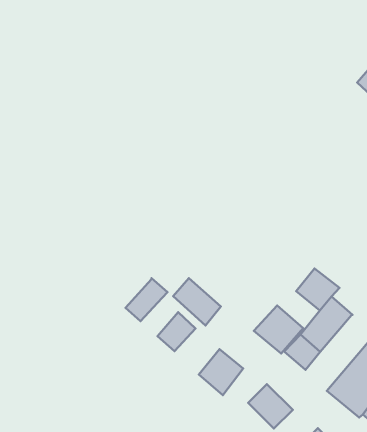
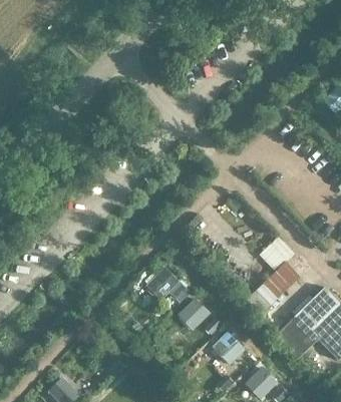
building: [126,278,168,321] -> none
building: [173,278,221,325] -> none
building: [254,305,303,353] -> none

